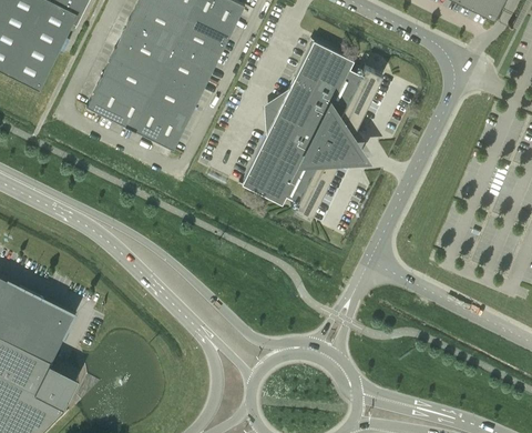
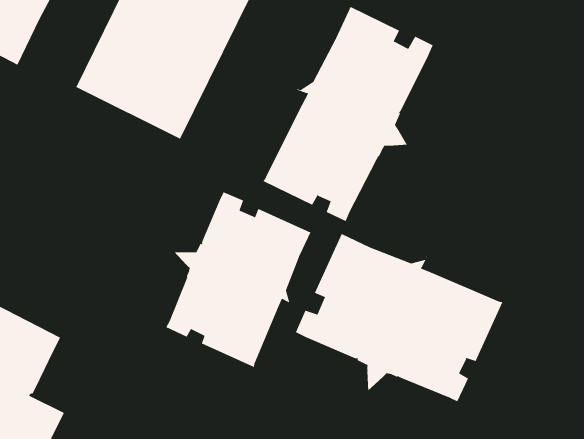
building: none -> [166,191,311,368]
building: none -> [295,233,503,402]

